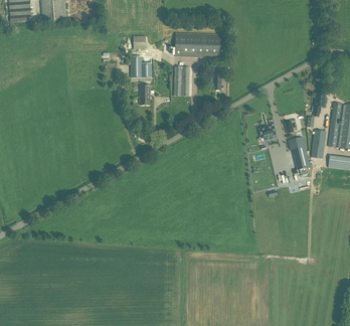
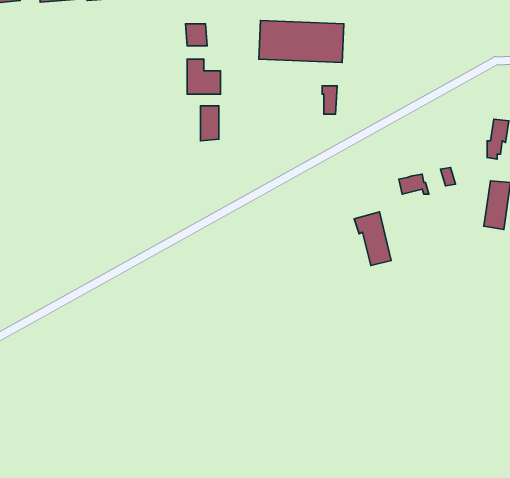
building: [173,65,189,95] -> none
building: [287,136,309,168] -> [354,212,391,265]

